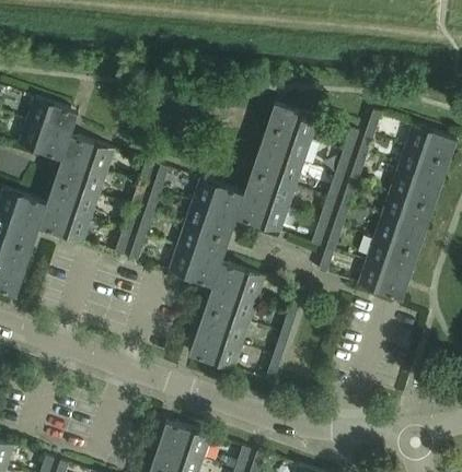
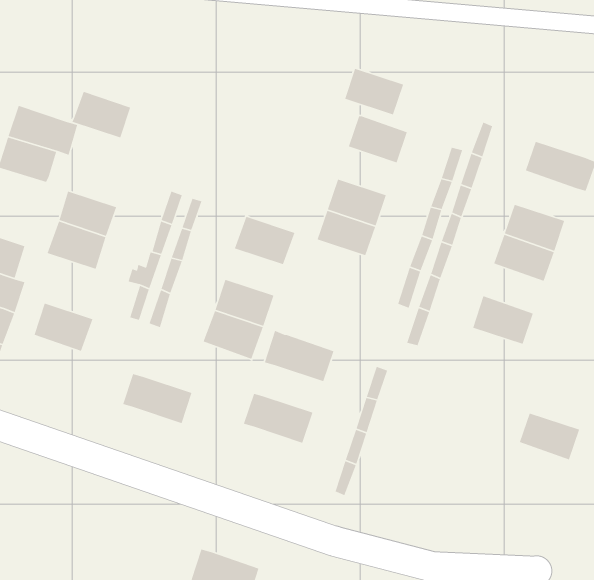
building: [266,131,310,166] -> [344,68,404,116]
building: [69,140,113,175] -> [71,91,131,139]
building: [395,149,448,187] -> none
building: [243,199,287,235] -> none
building: [184,205,227,239] -> none
building: [46,209,90,245] -> [34,302,94,352]
building: [372,216,417,252] -> none
building: [357,263,402,298] -> [519,413,580,461]
building: [205,288,256,324] -> none
building: [189,333,241,370] -> [122,373,193,424]

